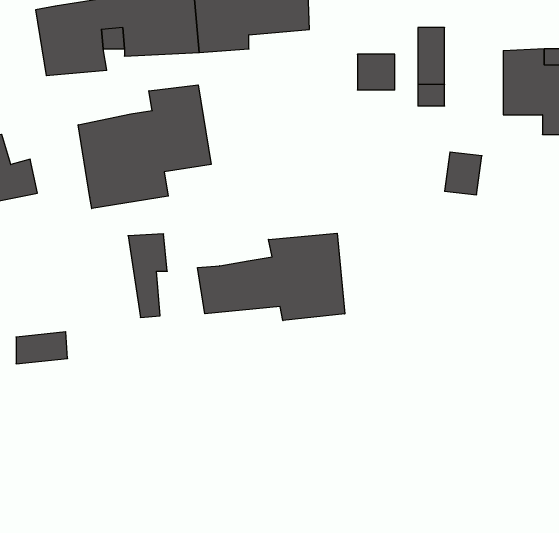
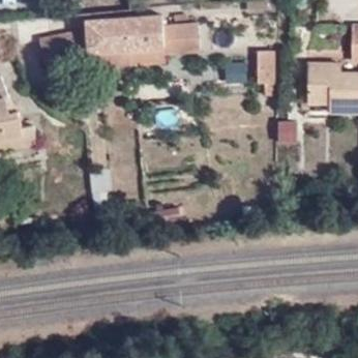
building: [78,85,211,209] -> none
building: [198,233,345,321] -> none

